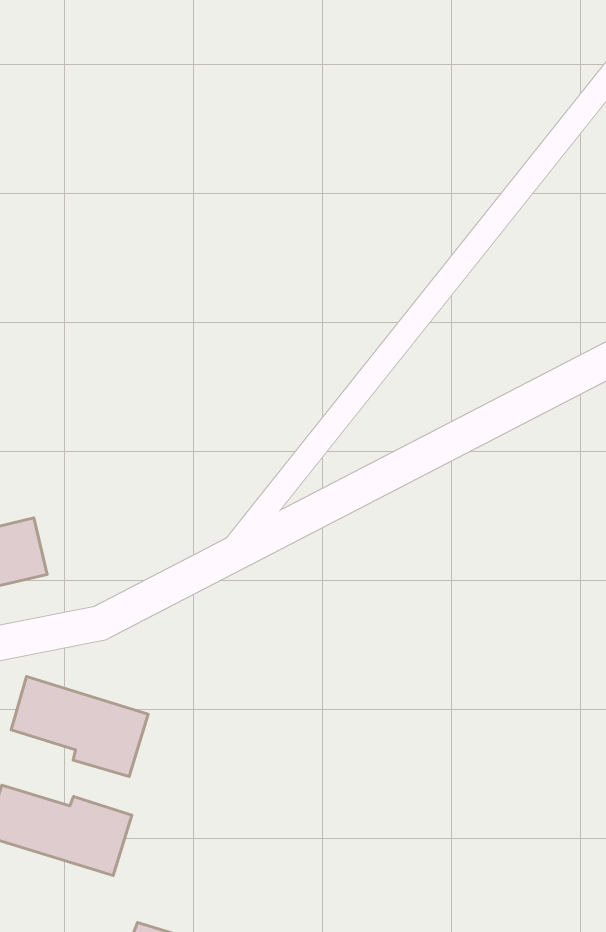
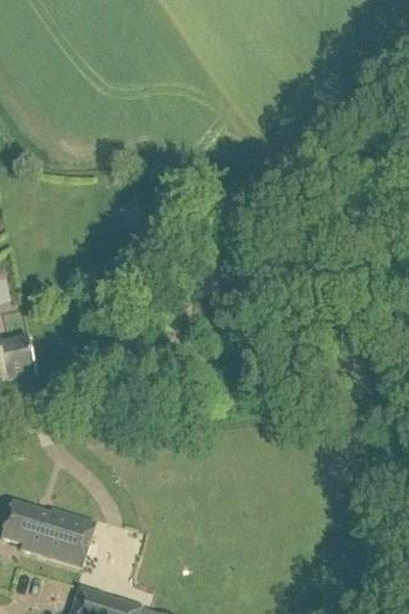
building: [11,676,148,777] -> none

